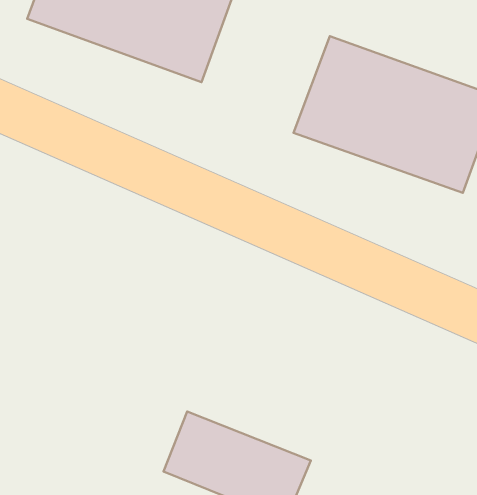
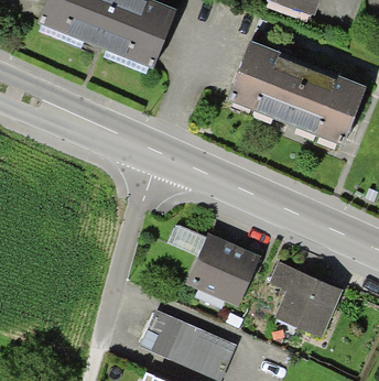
building: none -> [181,232,264,312]
building: none -> [269,264,344,344]

